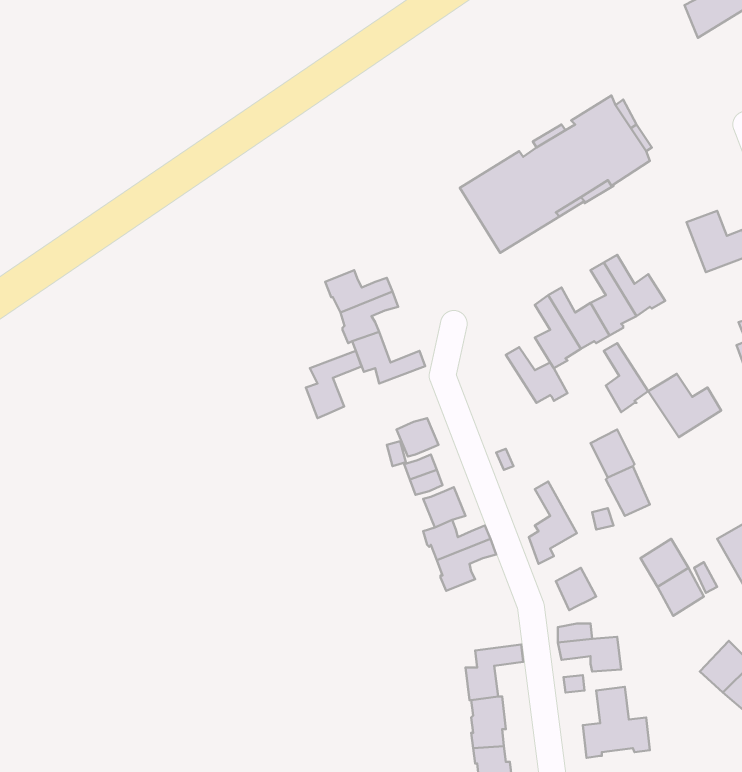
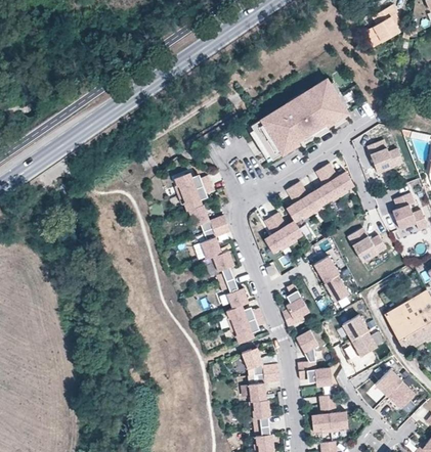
building: [604,343,648,412] -> [264,217,288,254]
building: [306,351,362,418] -> [202,223,231,259]
building: none -> [243,347,279,374]

